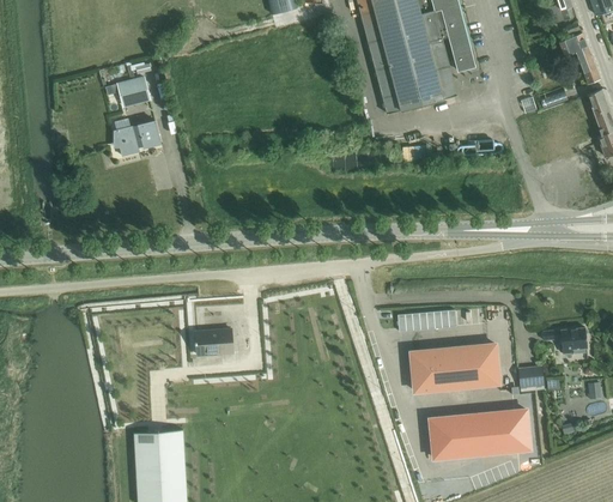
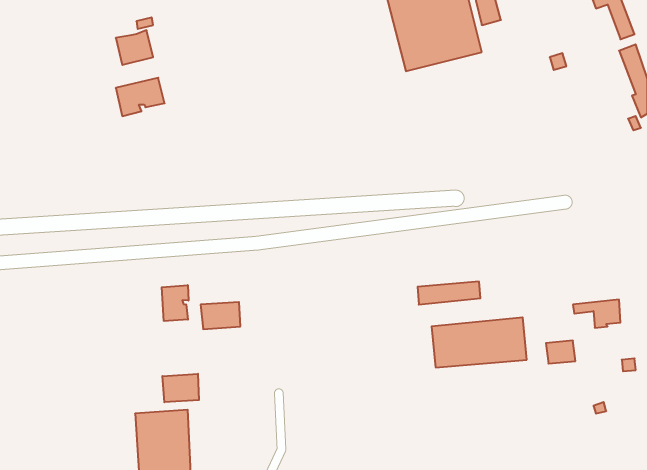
building: none -> [162,285,188,321]
building: none -> [162,374,199,402]
building: [430,410,529,458] -> none

